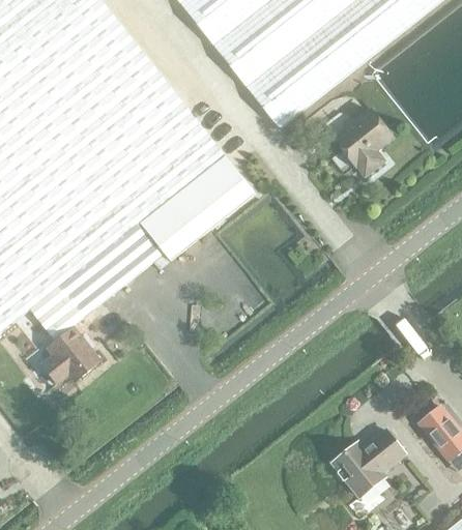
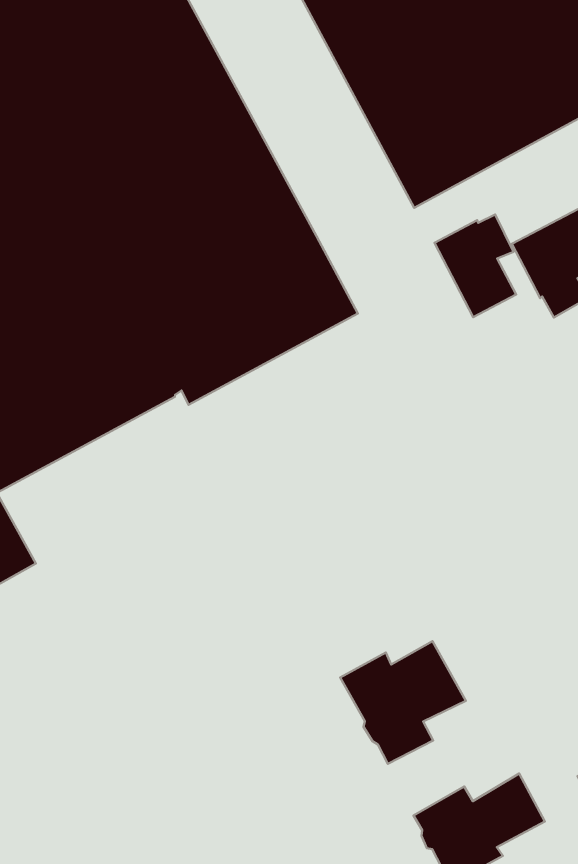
building: none -> [434,214,516,317]
building: none -> [340,641,466,764]

